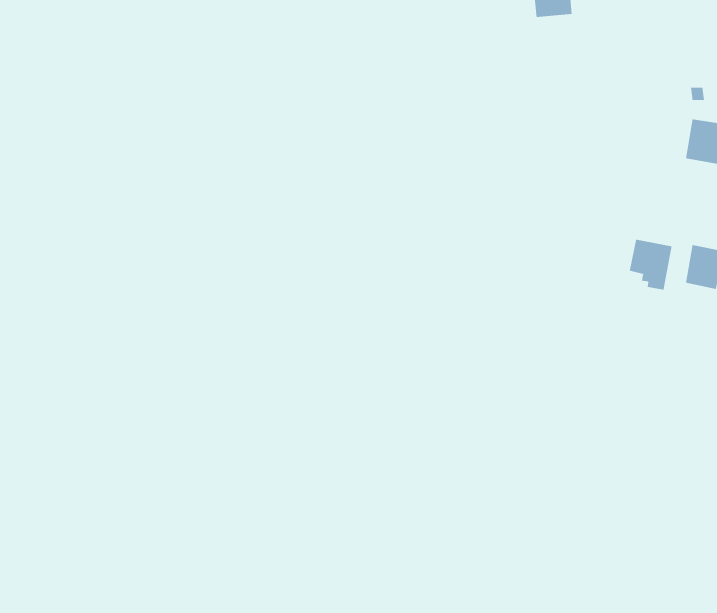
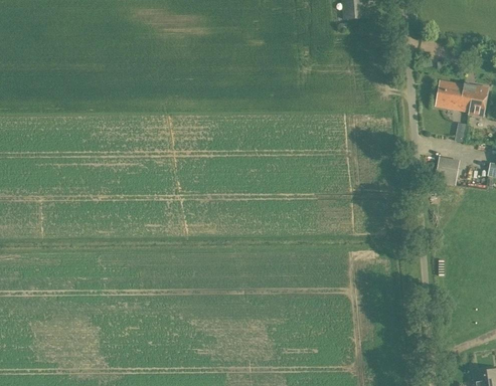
building: [629,239,672,291] -> none

